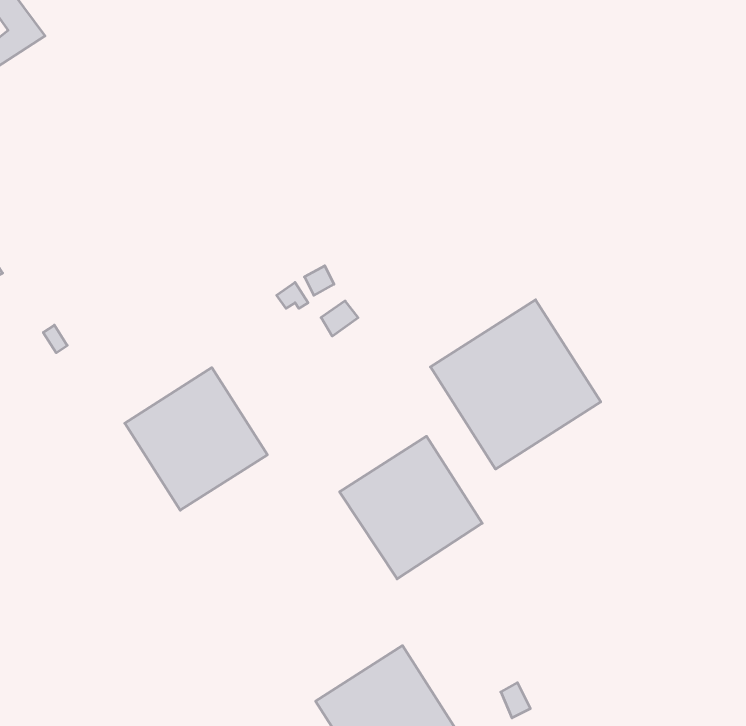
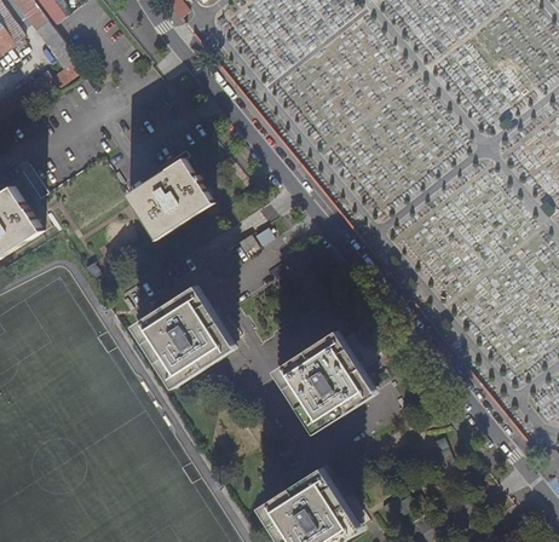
building: none -> [126,157,218,238]
building: [430,300,601,469] -> none

